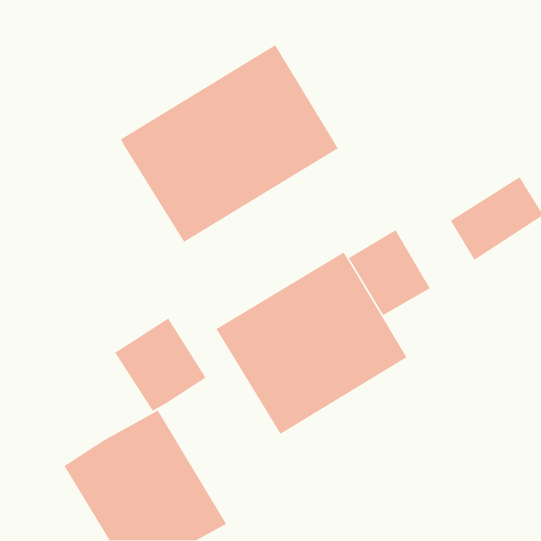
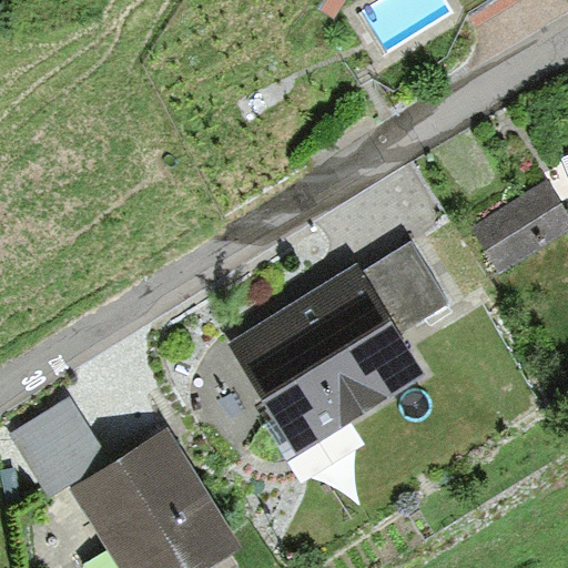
building: [120,44,339,243] -> none
building: [114,317,207,412] -> [12,397,109,496]

